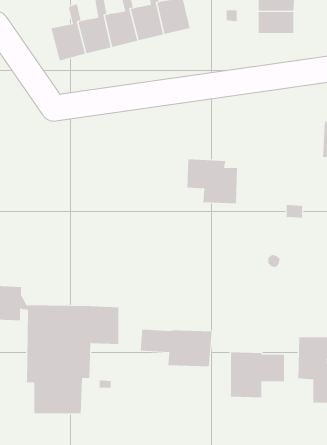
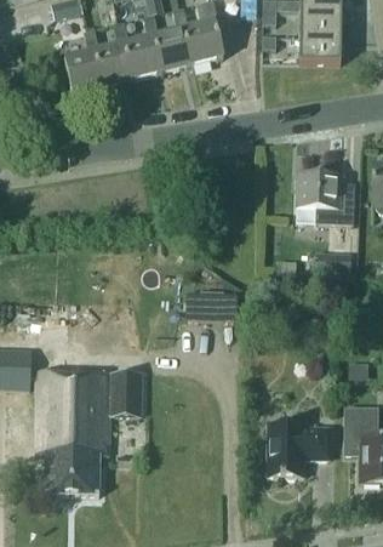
building: [187,159,238,204] -> [297,172,355,223]
building: [140,329,212,367] -> none

